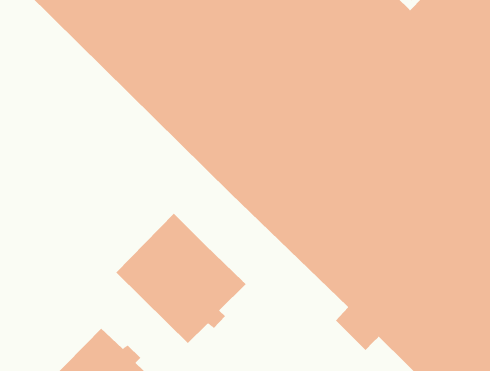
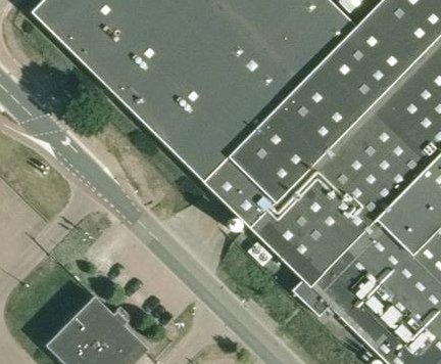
building: [115,213,246,344] -> none

